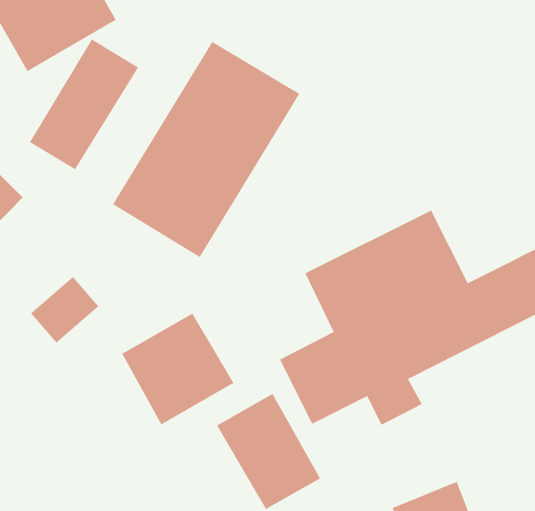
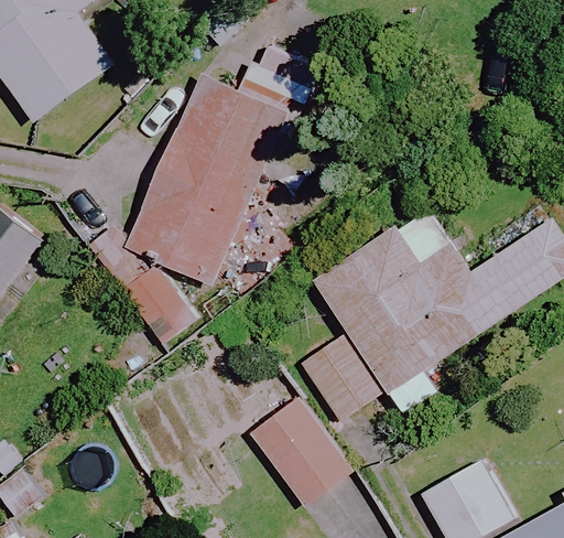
building: [29,38,139,170] -> none
building: [121,313,234,425] -> none

